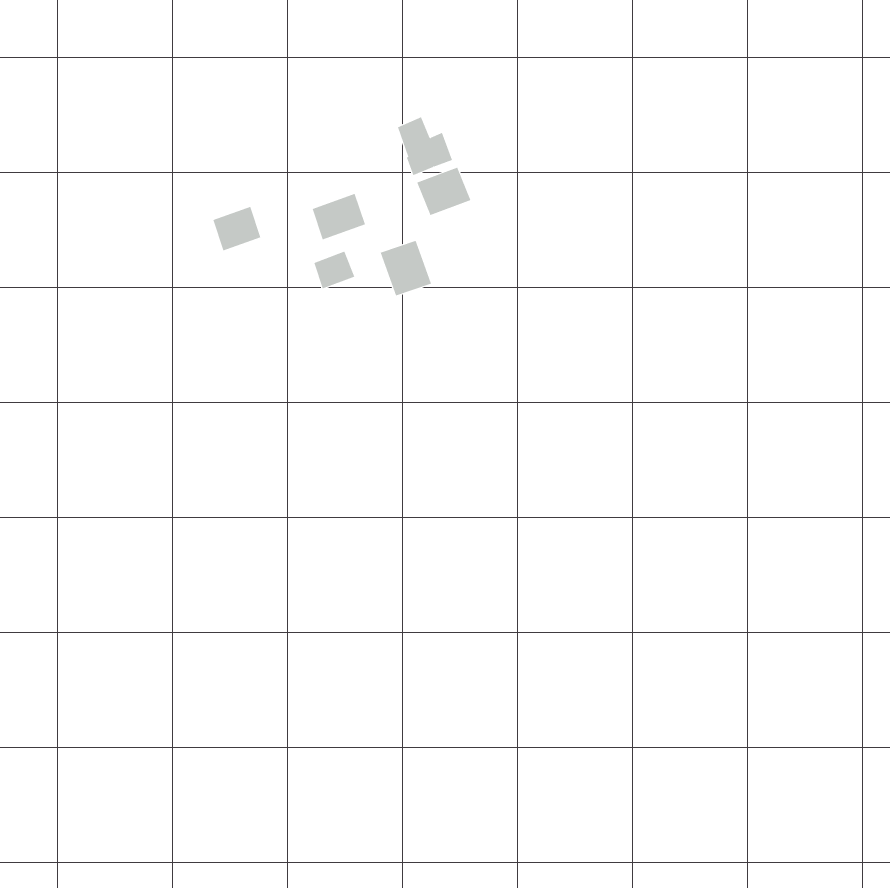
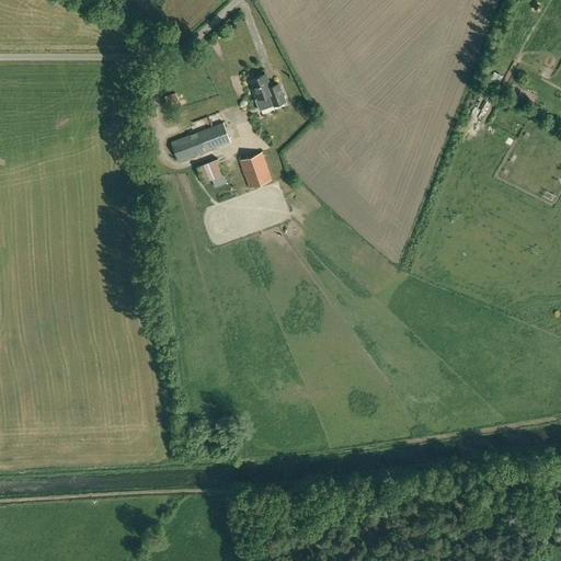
building: [417,167,471,216] -> none
building: [212,206,261,251] -> [172,133,203,161]

